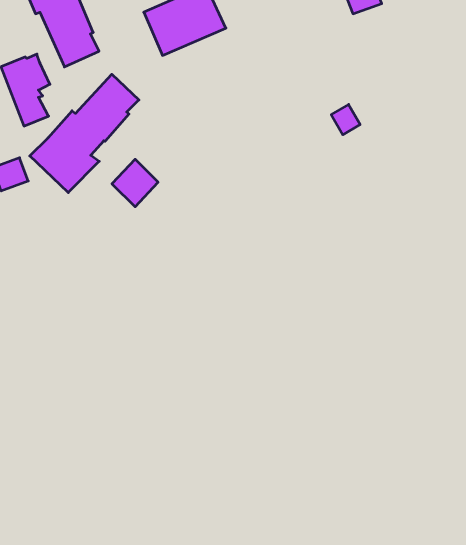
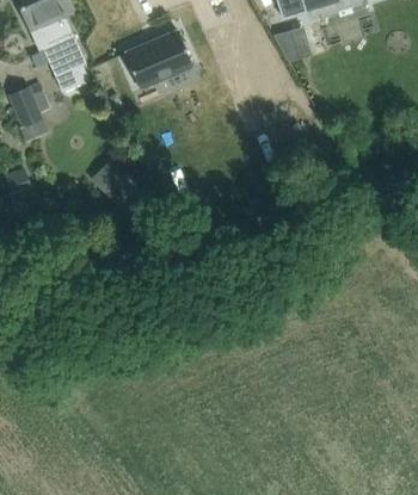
building: [30,74,139,193] -> none

